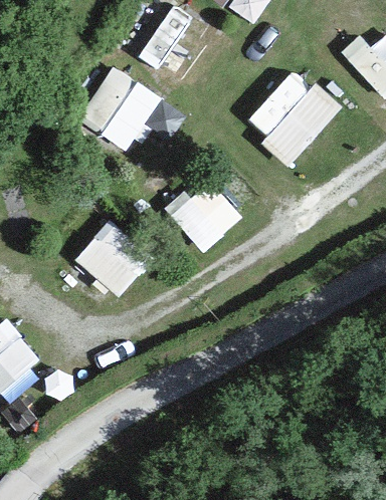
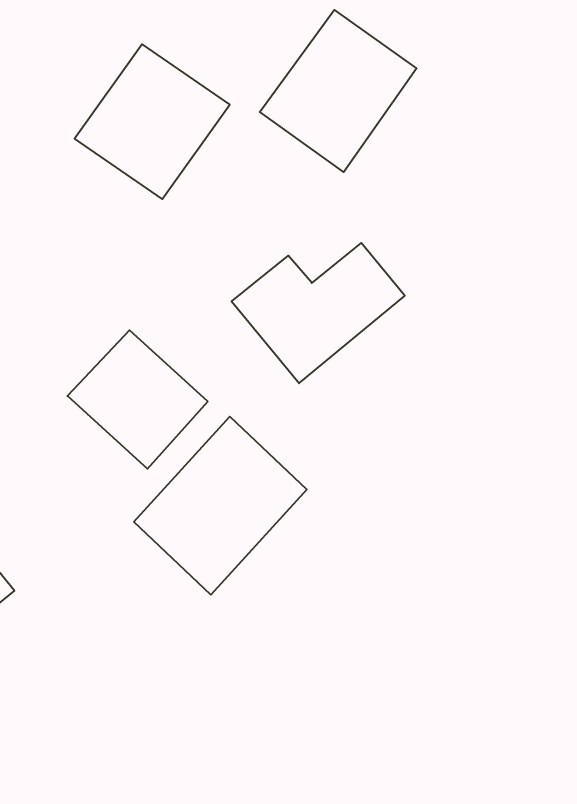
building: [255,69,342,159] -> [260,10,417,172]
building: none -> [134,417,307,595]

